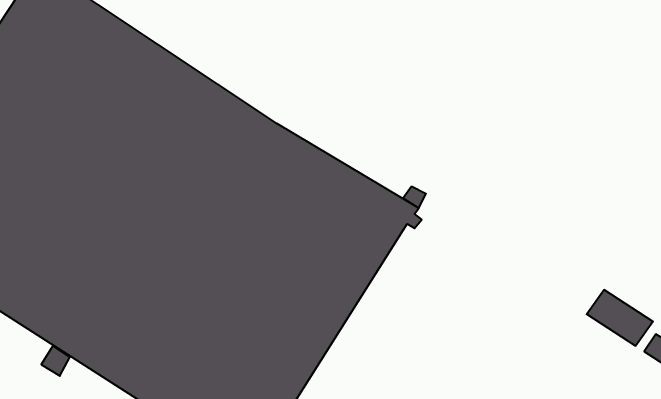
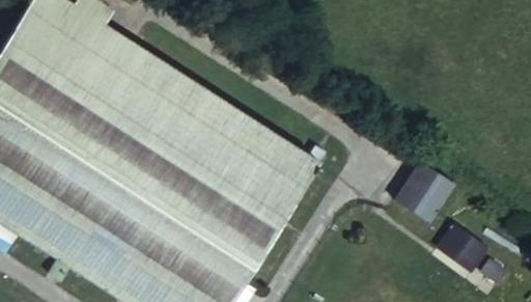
building: none -> [398,158,456,218]

